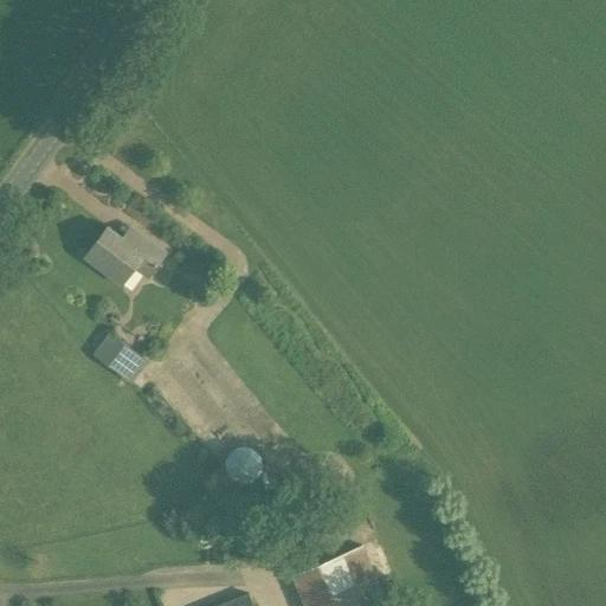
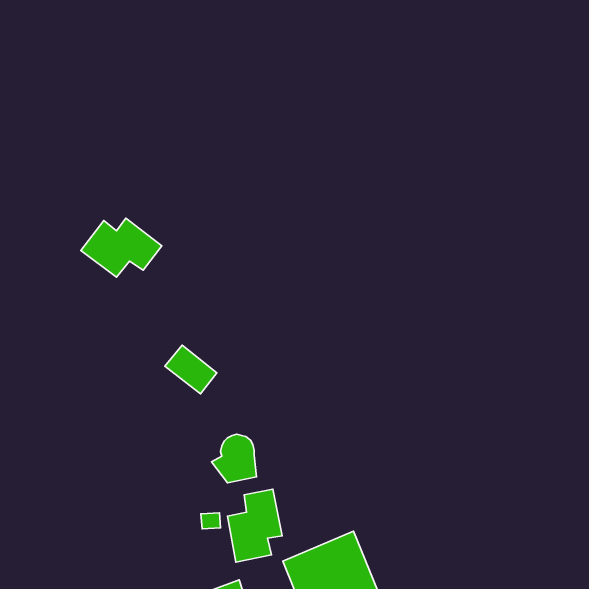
building: [94,334,147,383] -> [165,345,217,394]
building: none -> [227,489,282,562]

